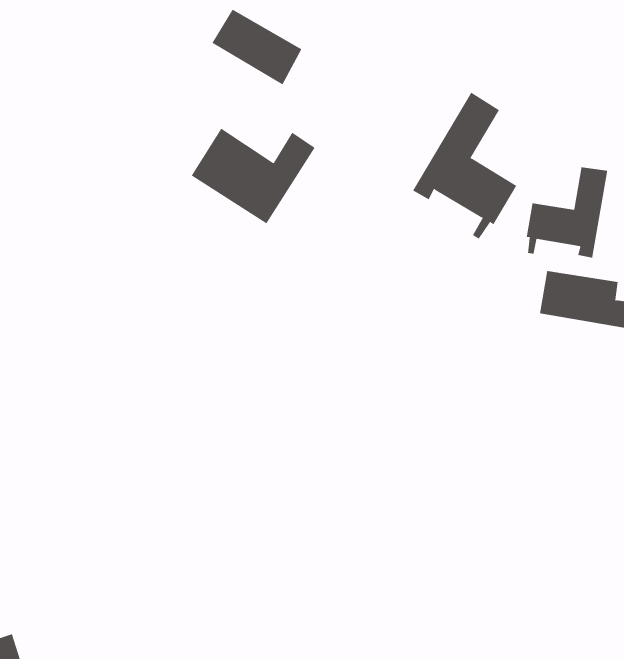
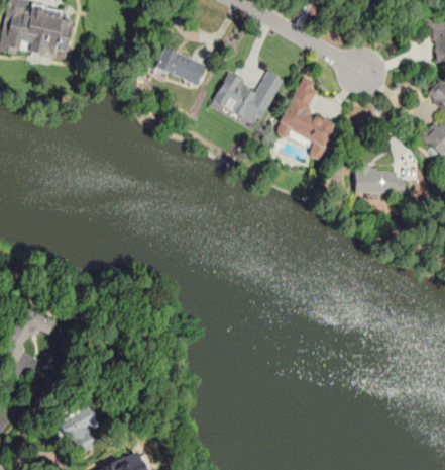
building: [191,128,315,224] -> [214,72,281,124]
building: [526,167,608,259] -> none

